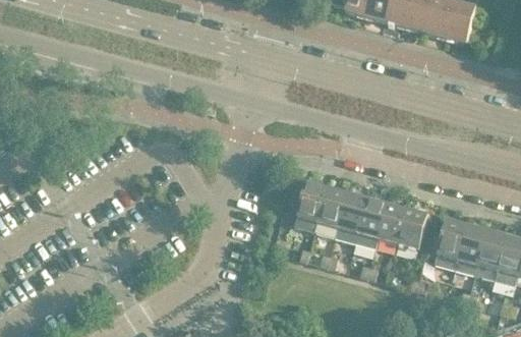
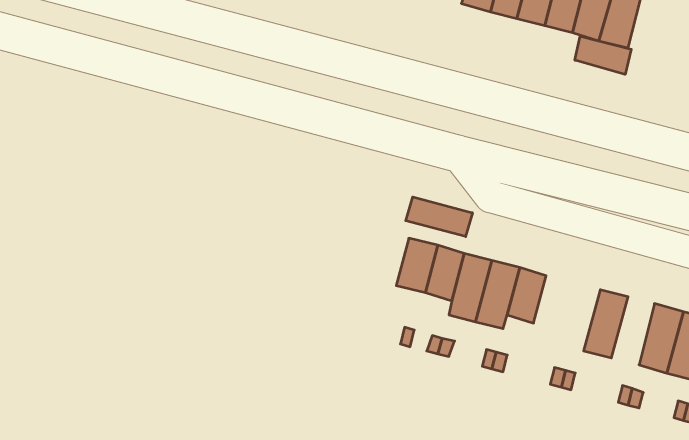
building: none -> [575,36,631,74]
building: none -> [406,197,472,237]
building: [396,210,426,249] -> none
building: [453,225,484,275] -> none

